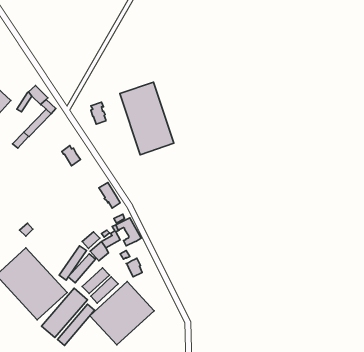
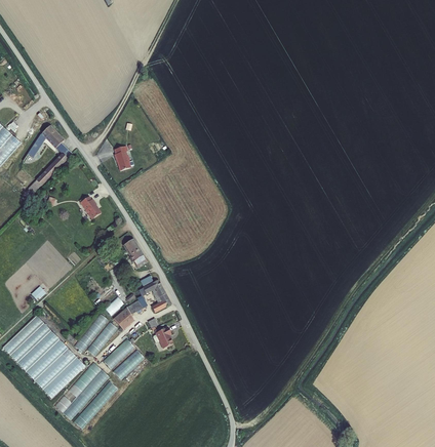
building: [120,82,174,155] -> none
building: [90,282,154,345] -> none

